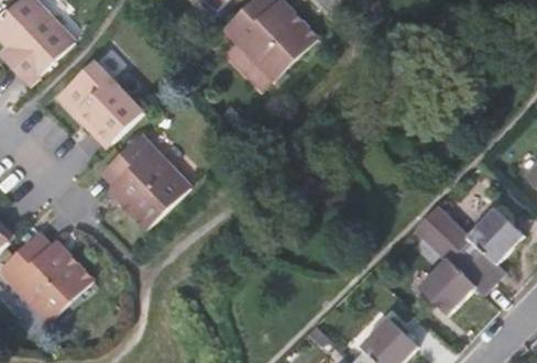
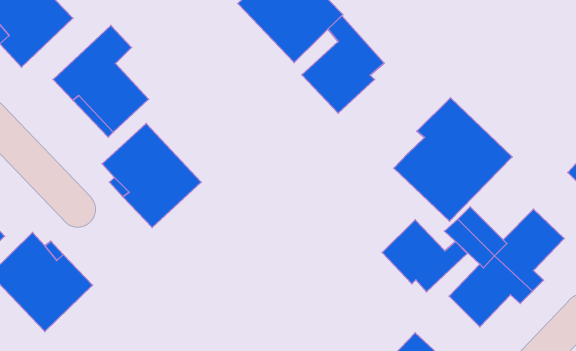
building: none -> [302,16,384,113]
building: none -> [394,98,512,221]
building: none -> [382,220,467,292]

